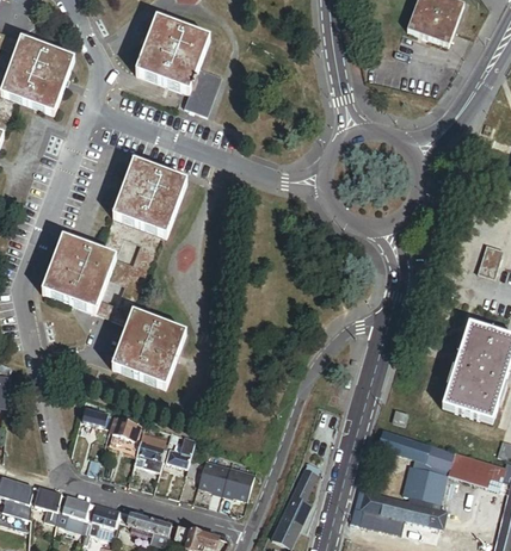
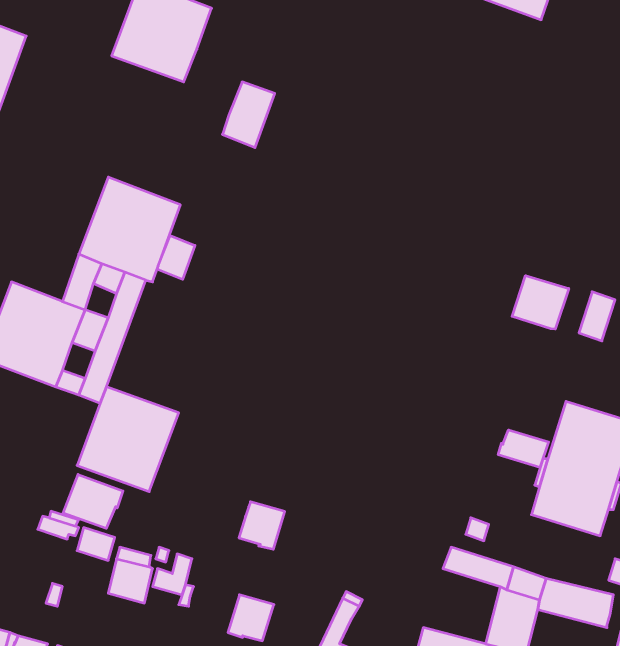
building: [183,67,221,114] -> [222,82,275,148]
building: none -> [158,235,195,279]
building: none -> [512,276,569,329]
building: none -> [498,430,549,468]
building: none -> [63,474,123,528]
building: [195,457,228,491] -> [239,502,285,549]

